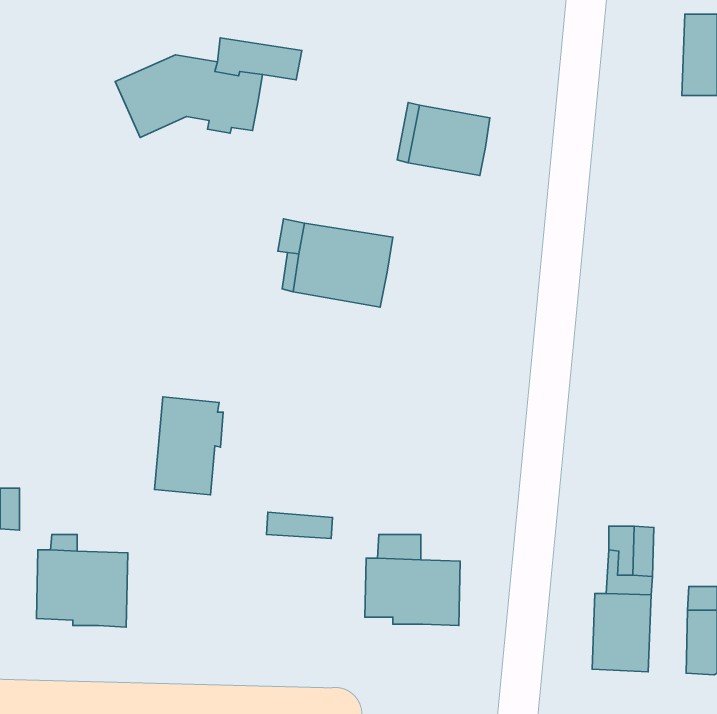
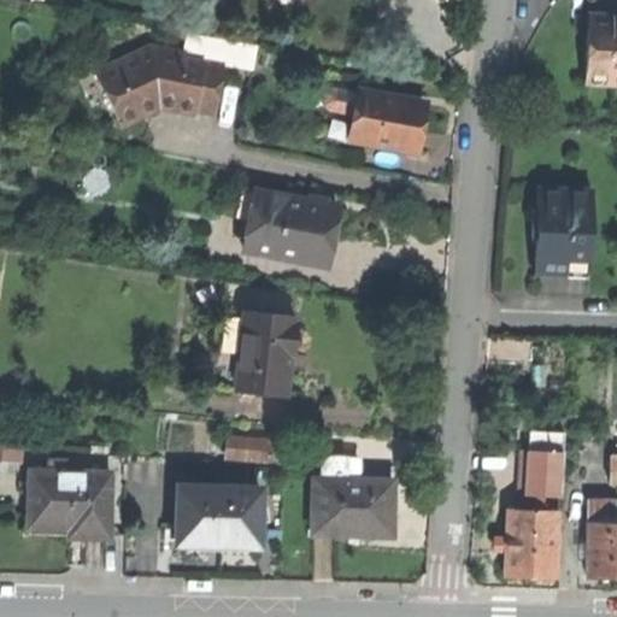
building: none -> [533,188,594,269]
building: [154,397,223,495] -> [240,311,299,395]
building: none -> [181,488,260,546]

